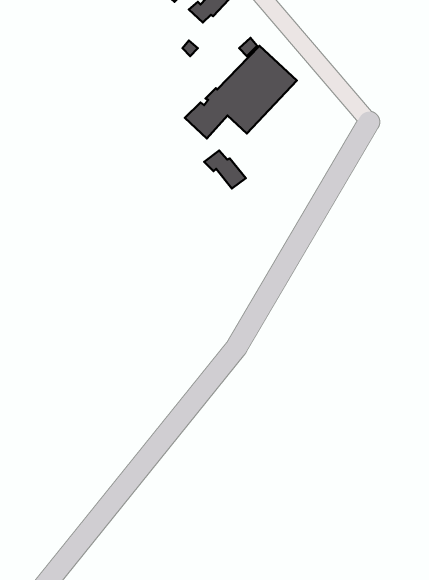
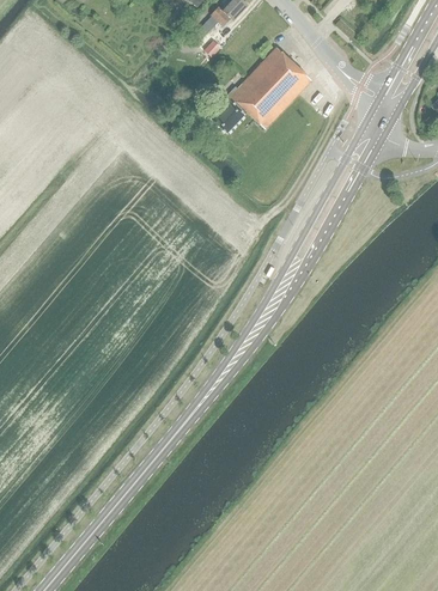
building: [204,151,246,188] -> none

